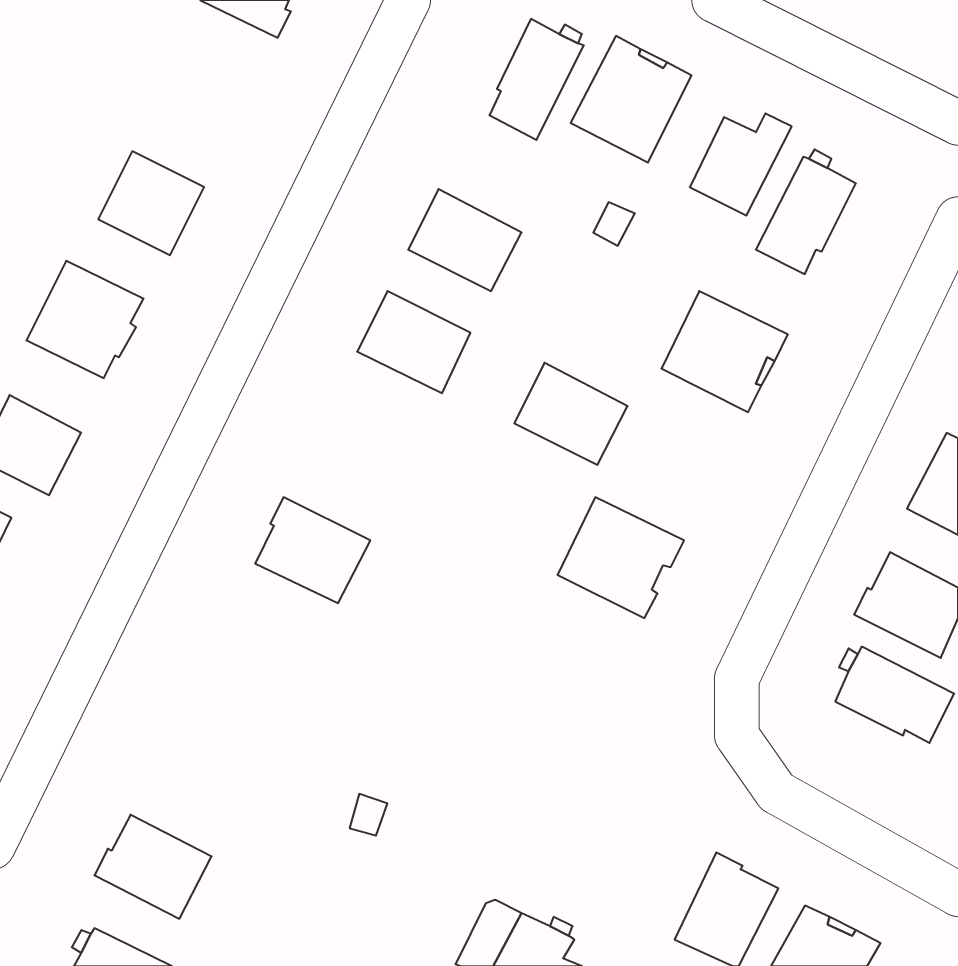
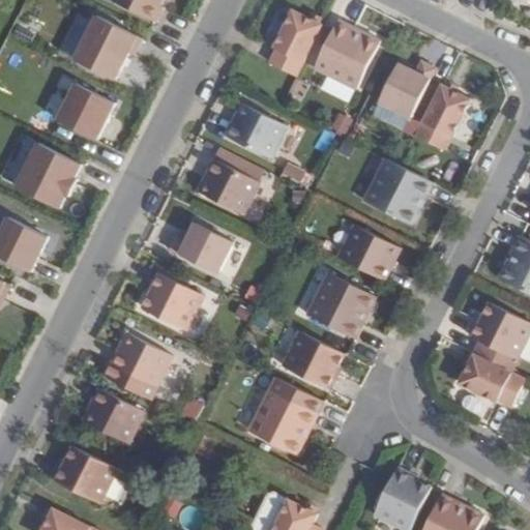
building: none -> [70,16,138,79]
building: [514,363,628,465] -> [336,225,399,281]
building: none -> [167,224,232,274]
building: none -> [281,331,344,389]
building: none -> [102,333,171,400]
building: none -> [247,378,322,454]
building: none -> [81,388,143,444]

